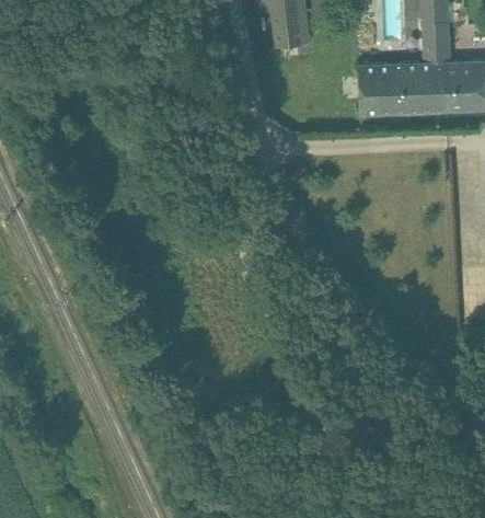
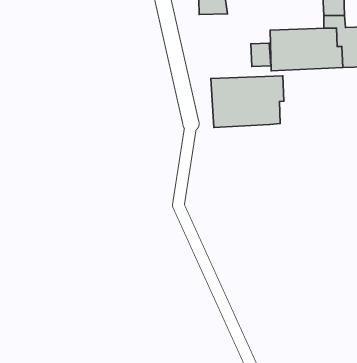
building: none -> [251,43,271,67]
building: none -> [211,76,284,128]

